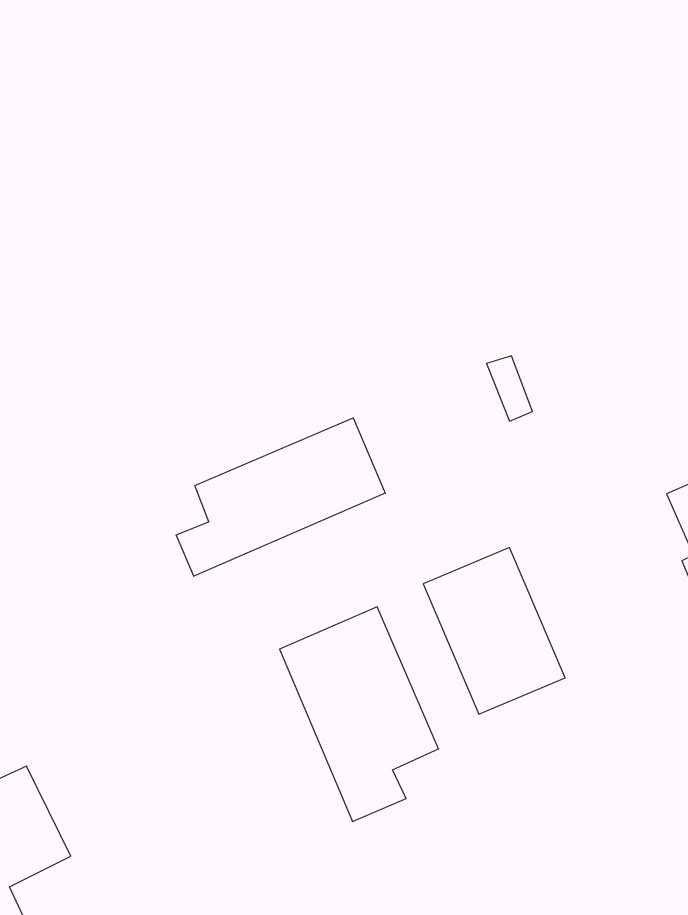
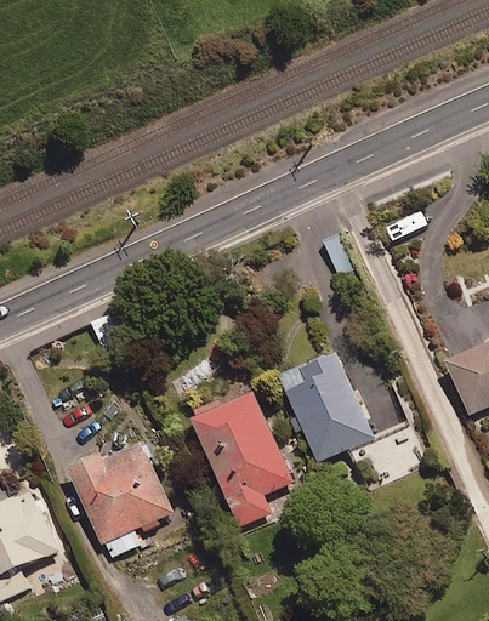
building: [176,418,385,576] -> none
building: none -> [67,440,172,557]

